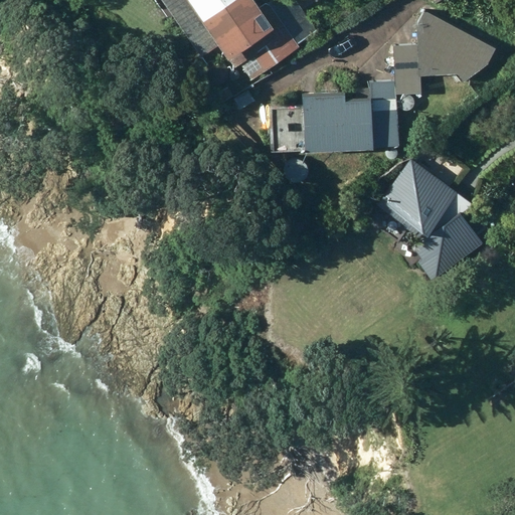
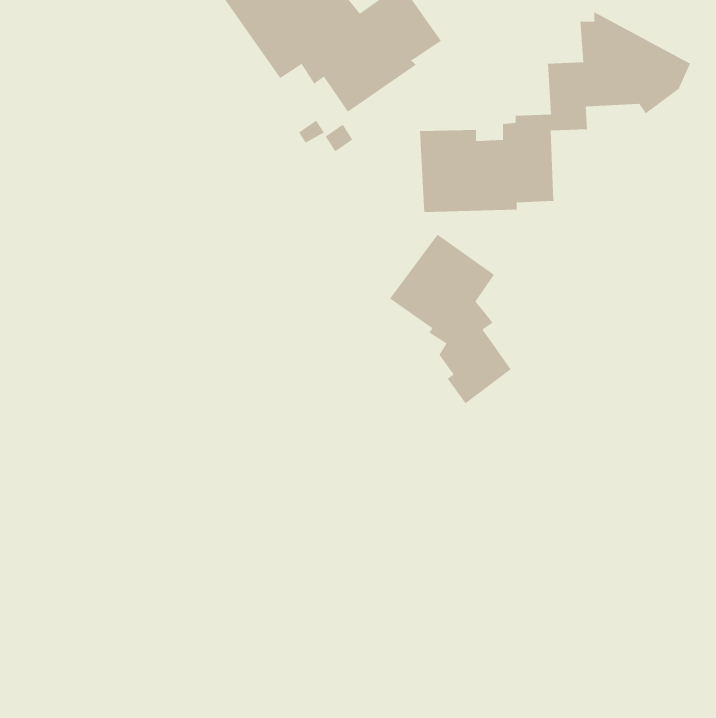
building: [377,158,465,280] -> [389,234,512,404]

